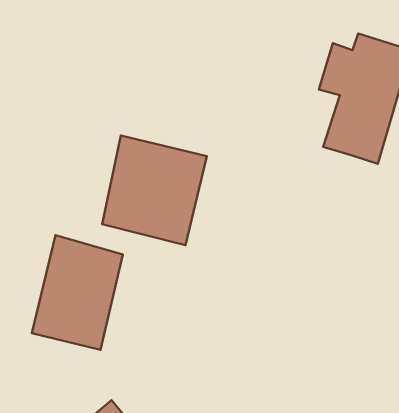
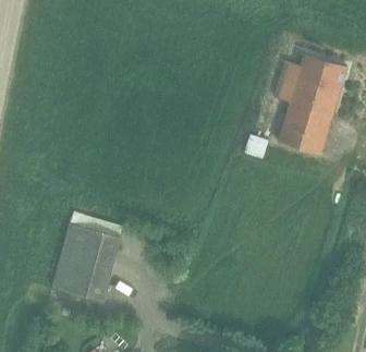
building: [102,135,207,245] -> none

